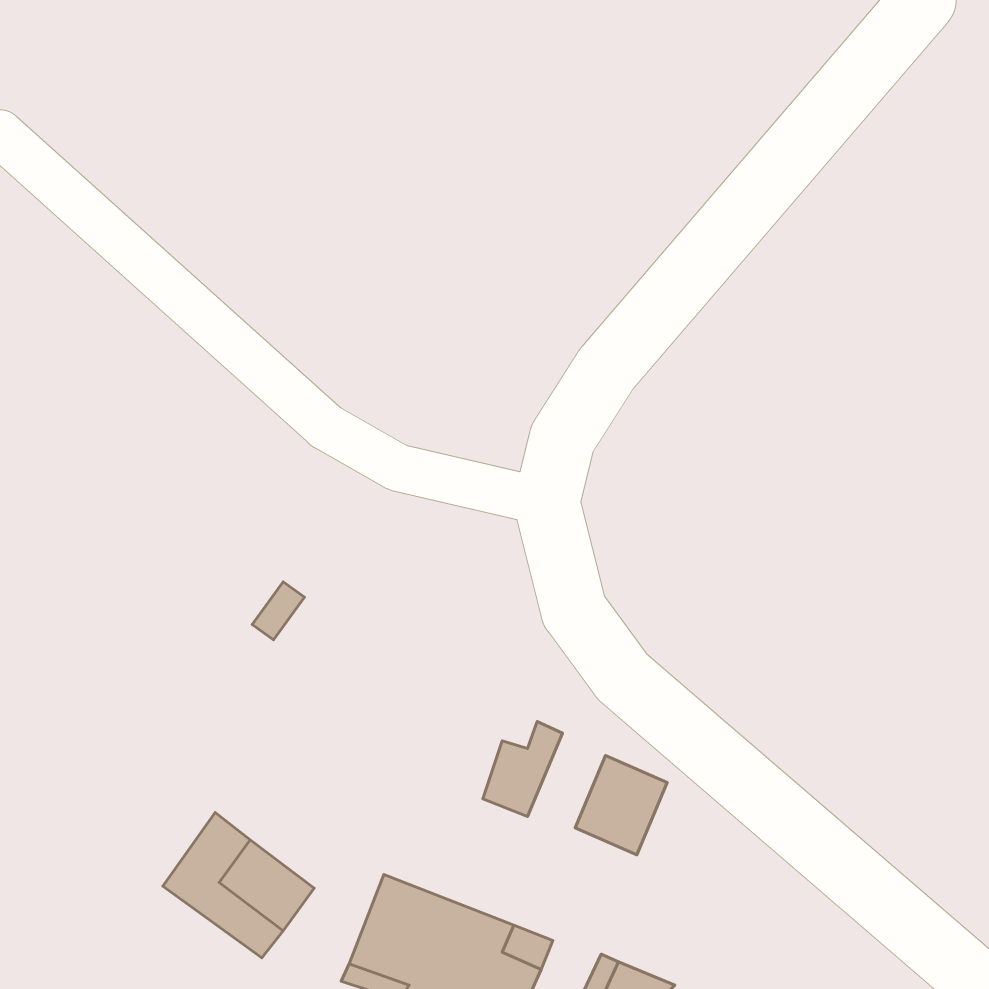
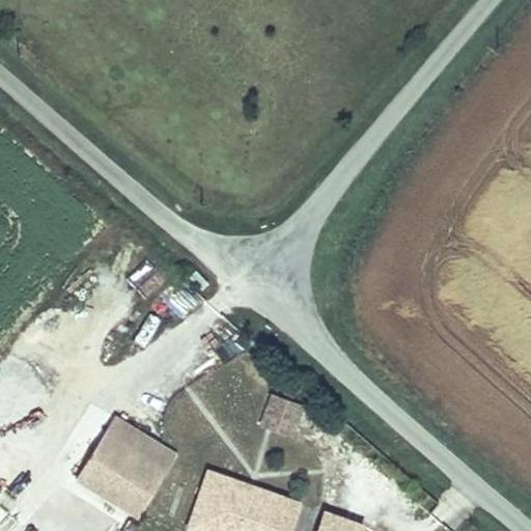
building: [575,756,667,855] -> none
building: none -> [116,420,181,476]

